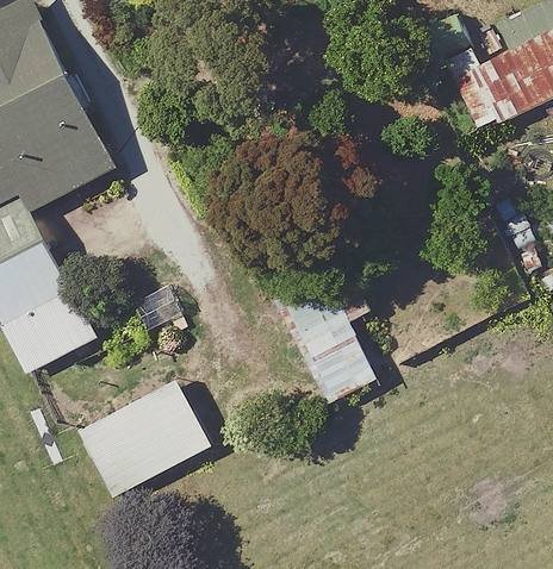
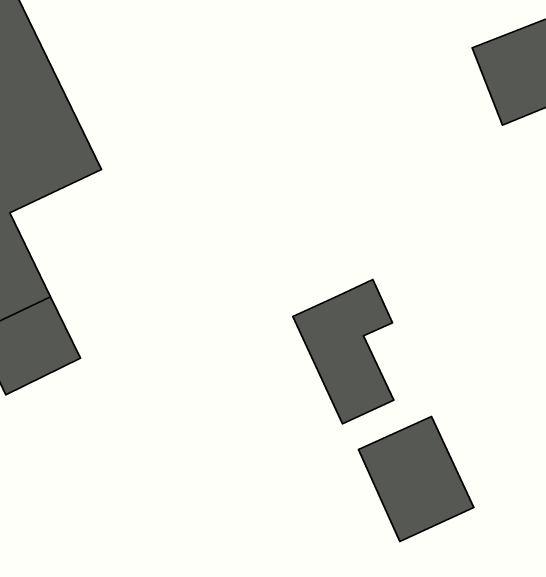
building: [77,380,210,496] -> none
building: none -> [359,417,474,541]

